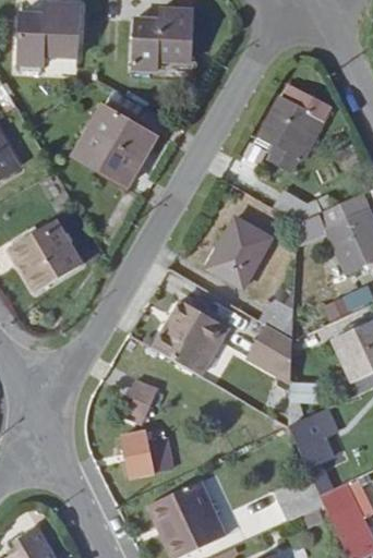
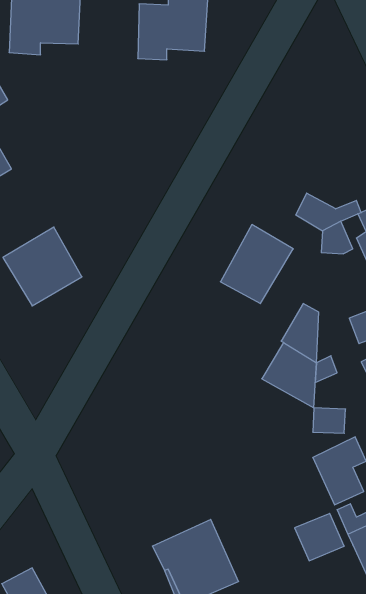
building: [262,98,332,158] -> none
building: [74,106,156,186] -> none
building: [153,299,219,368] -> none
building: [118,377,156,423] -> none
building: [123,433,171,476] -> none

